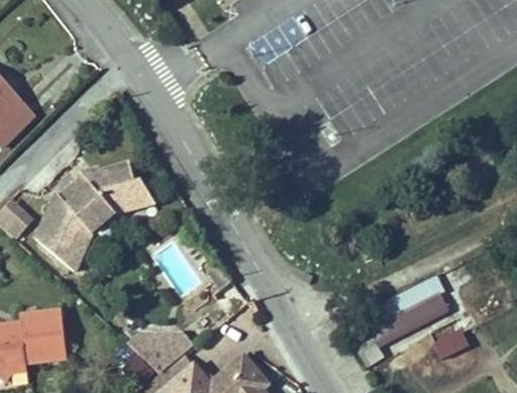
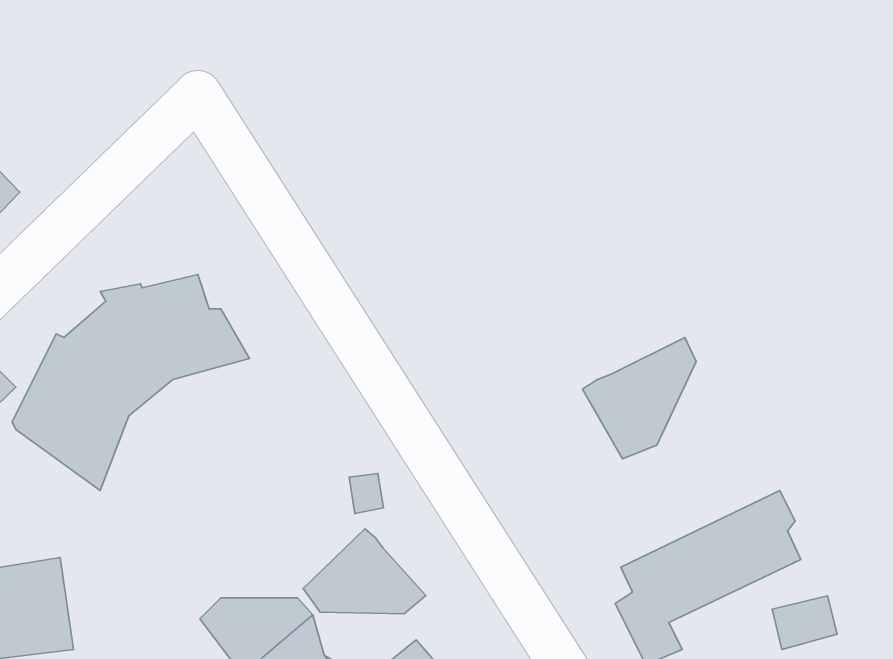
building: none -> [582,337,696,459]
building: none -> [303,529,426,614]

